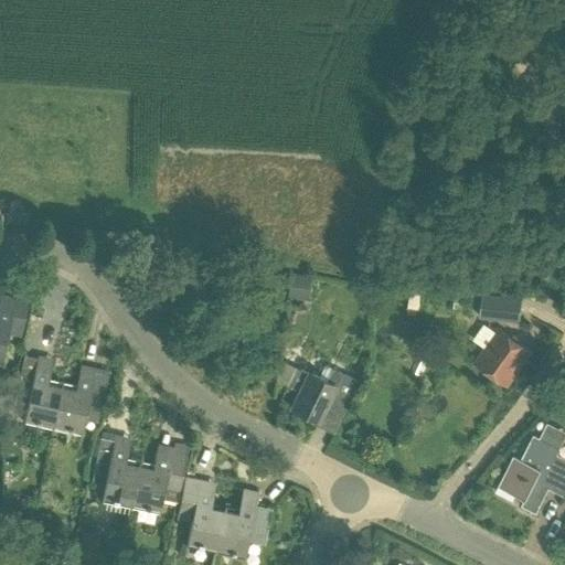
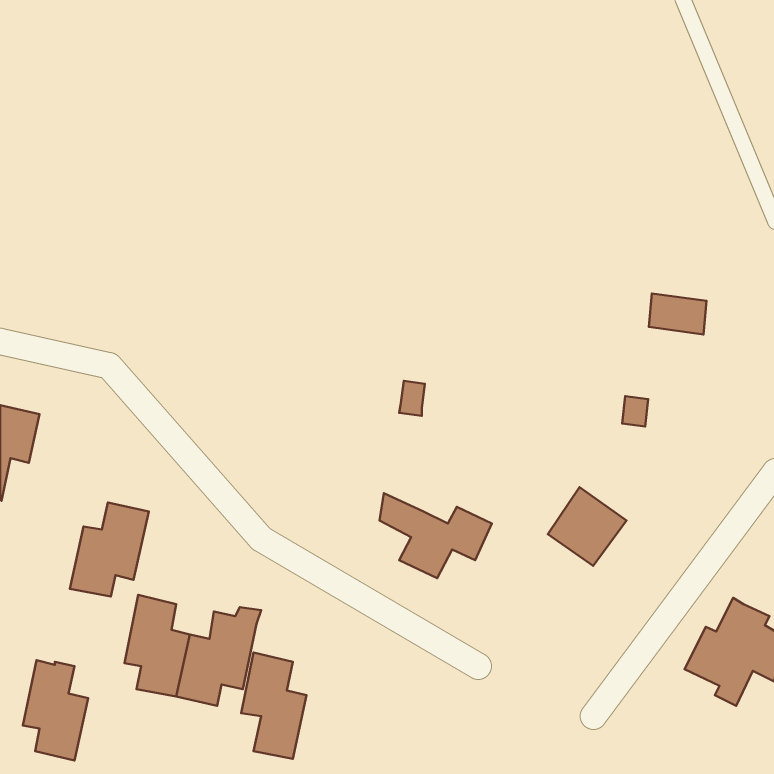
building: [481,292,523,322] -> [649,293,706,334]
building: [476,329,533,386] -> [548,487,627,566]
building: [14,355,62,428] -> [23,660,88,760]
building: [214,489,273,557] -> none

